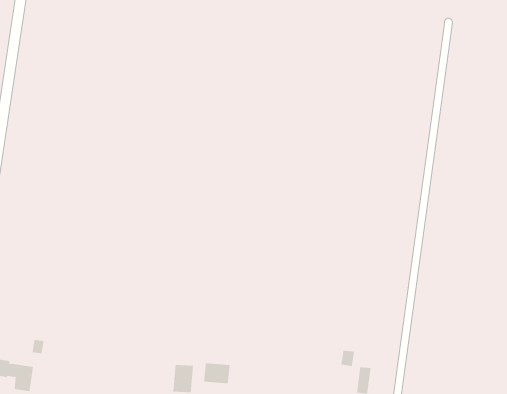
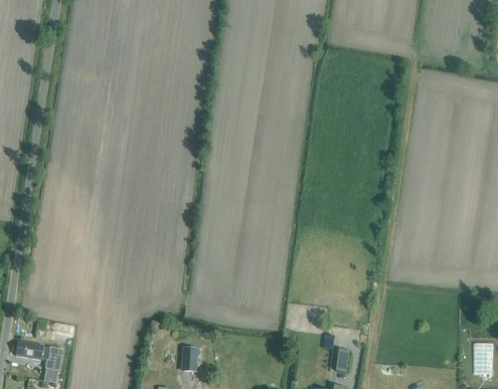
building: [203,362,230,384] -> none

